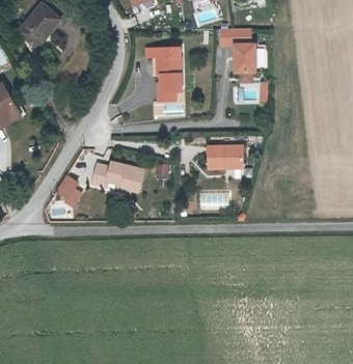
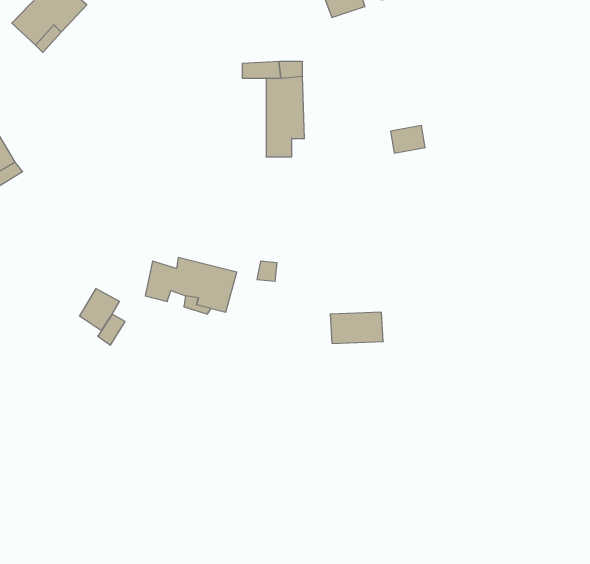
building: [220,29,257,74] -> none
building: [208,146,242,169] -> none

